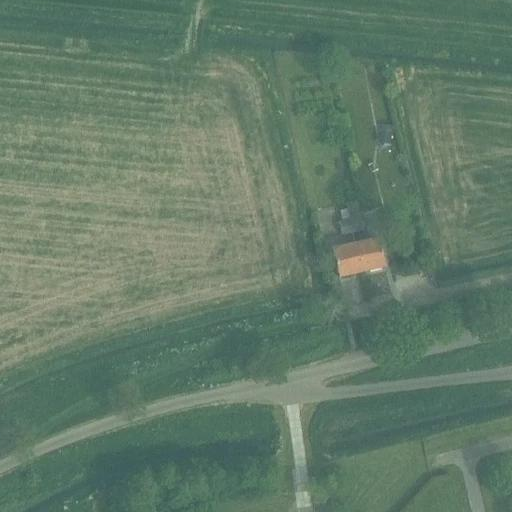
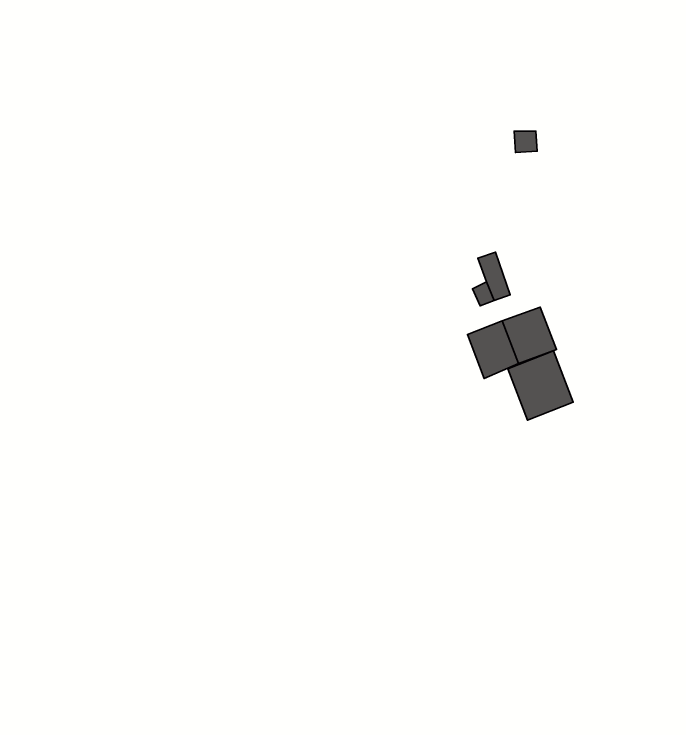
building: none -> [508,351,573,420]

